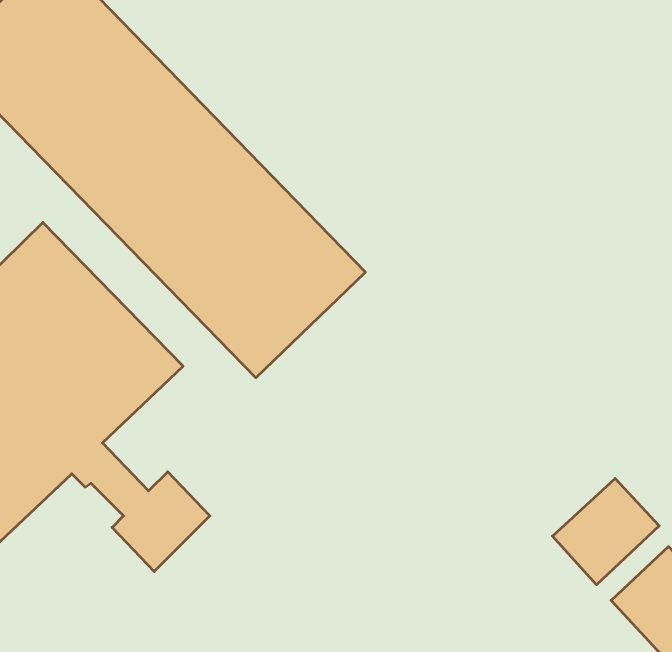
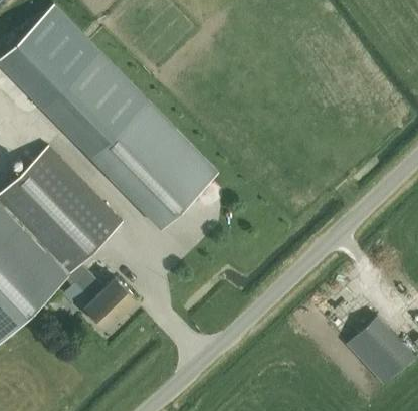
building: [552,478,659,585] -> none

